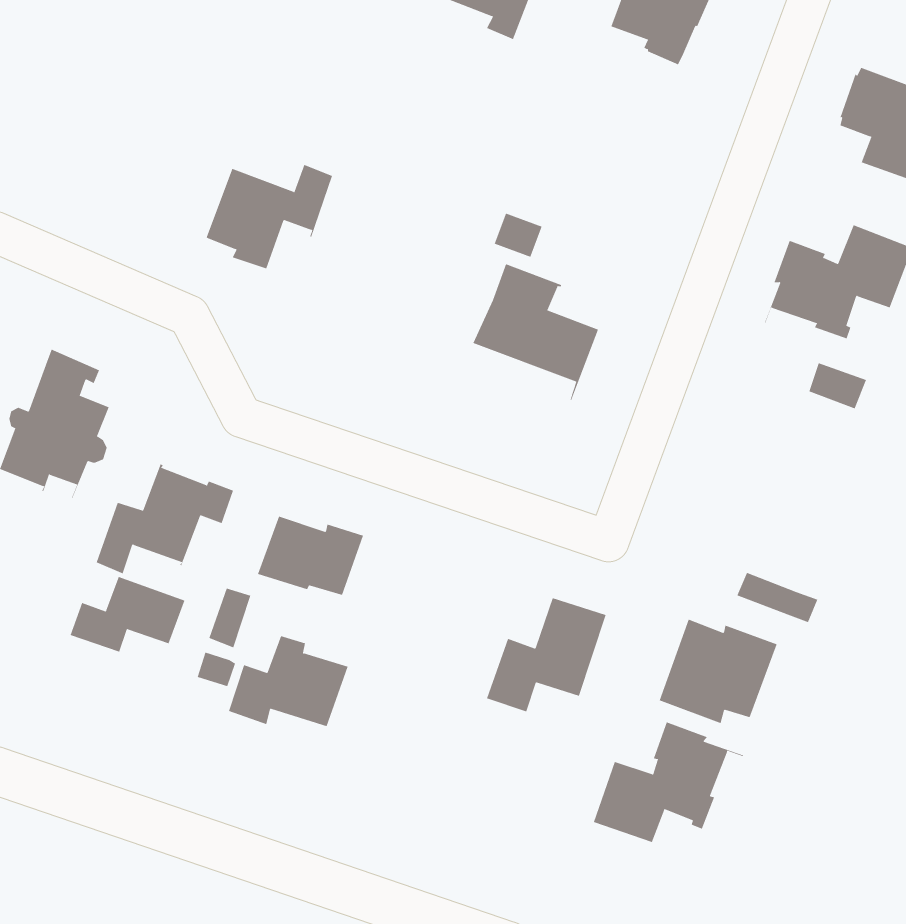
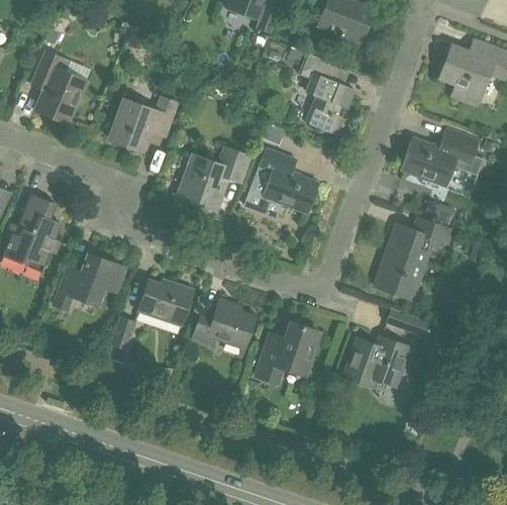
building: none -> [292,46,353,136]
building: none -> [31,50,84,124]
building: none -> [178,146,250,211]
building: none -> [375,218,450,299]
building: [70,576,185,652] -> none
building: [228,635,348,727] -> [193,299,256,346]
building: [593,722,744,843] -> none

